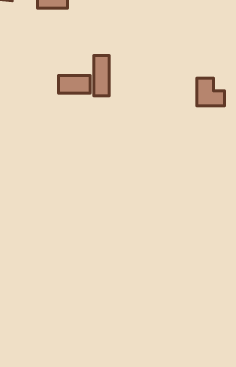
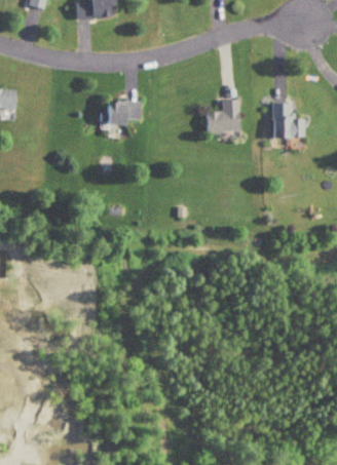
building: [94,56,109,96] -> none
building: none -> [207,99,240,132]

